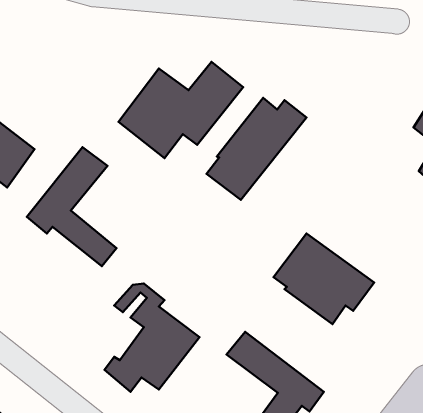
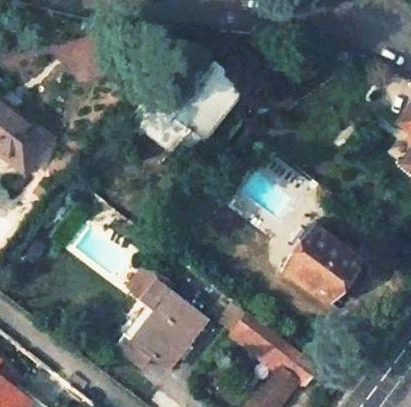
building: [206,98,306,200] -> none
building: [27,147,117,266] -> none

